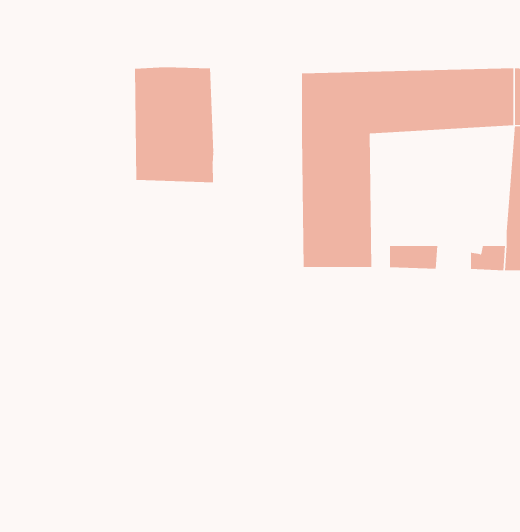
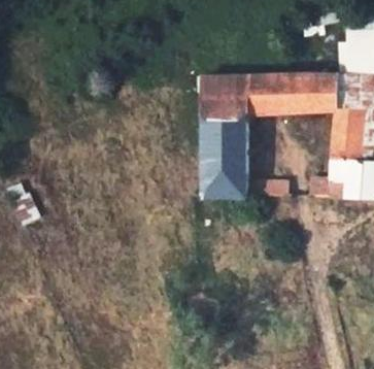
building: [134,66,214,183] -> none

